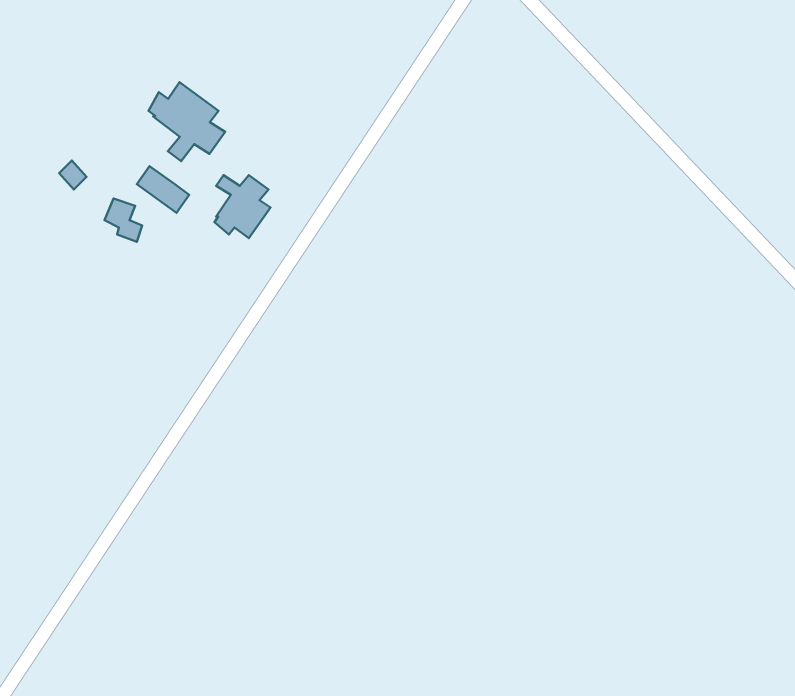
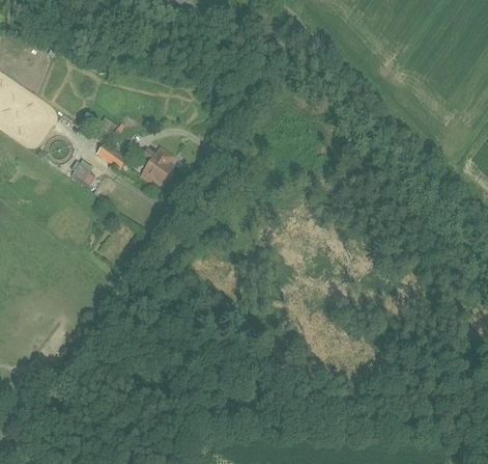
building: [148,82,225,161] -> none

